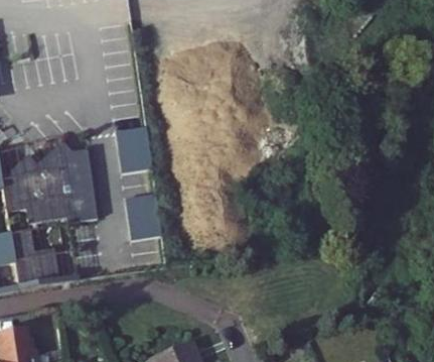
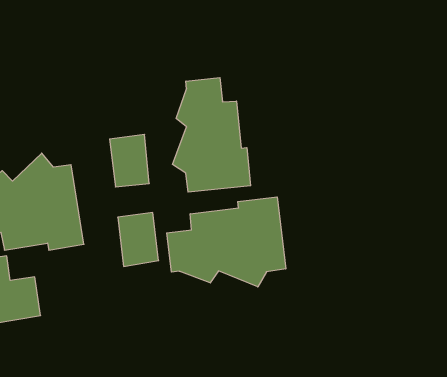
building: none -> [172,78,251,192]
building: none -> [167,197,286,287]

